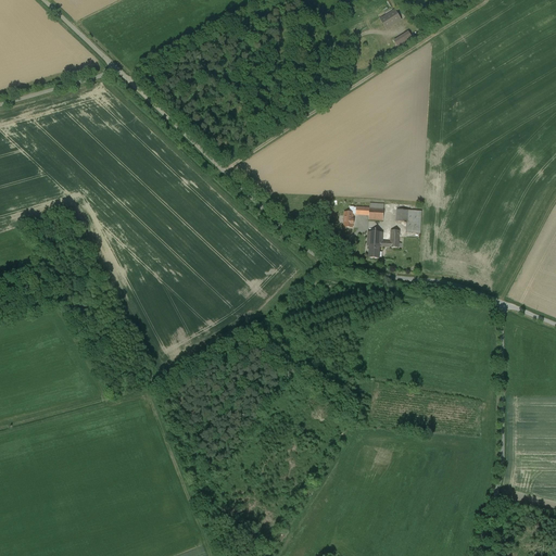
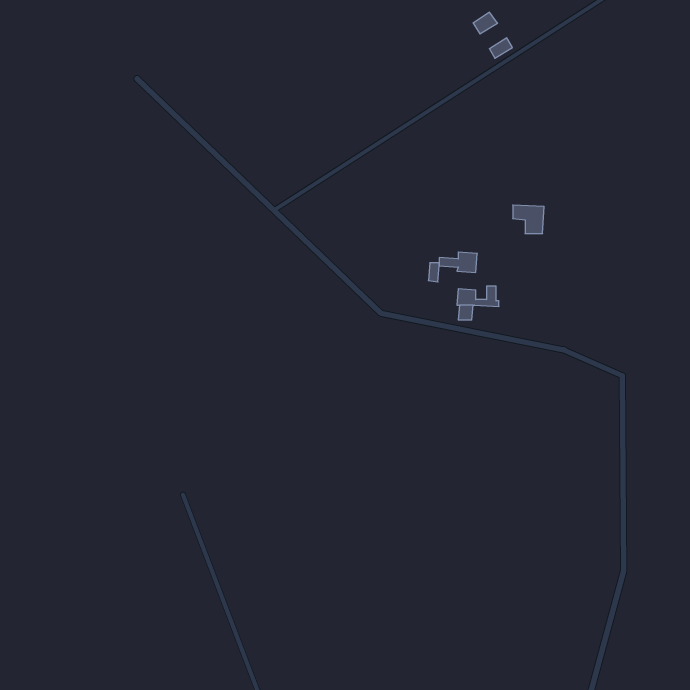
building: [395,208,420,231] -> [513,205,544,234]

